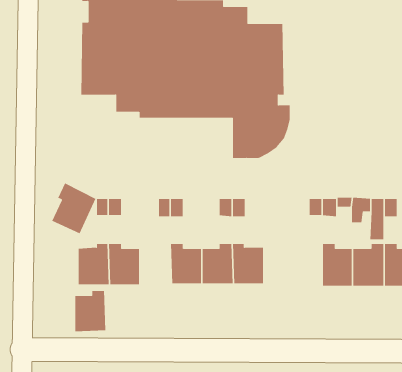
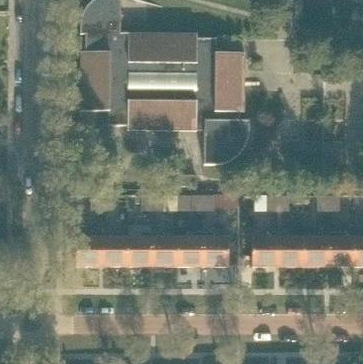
building: [52,182,96,234] -> none
building: none -> [252,232,278,267]
building: [75,290,106,332] -> [128,232,154,266]

